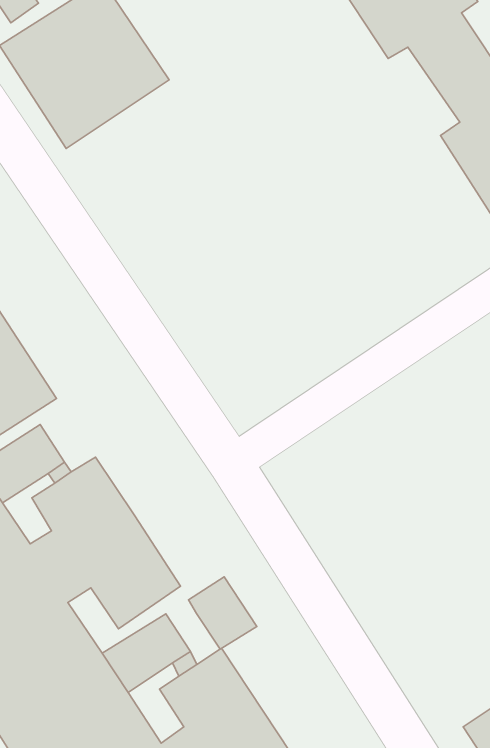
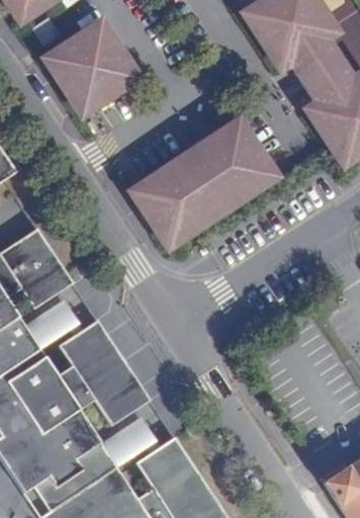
building: none -> [122,119,279,256]
building: [188,577,257,649] -> none

